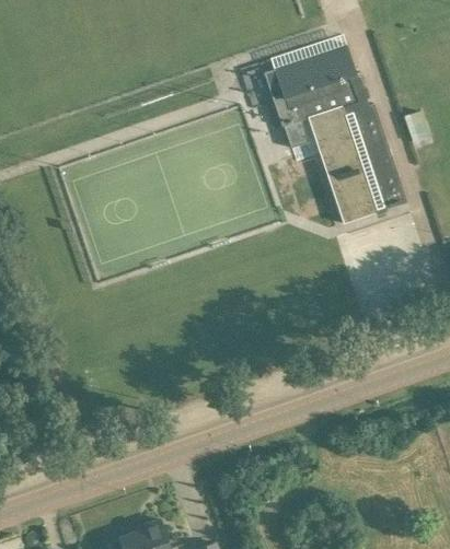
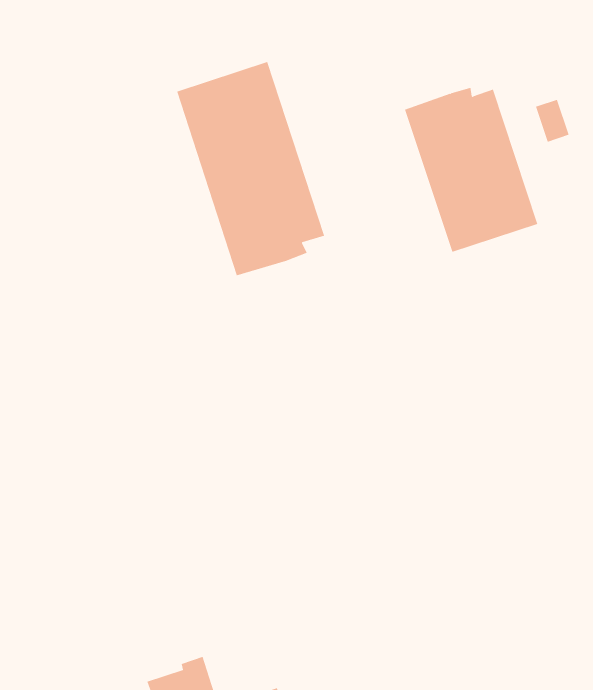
building: [270,44,355,149] -> none
building: none -> [176,61,325,276]

